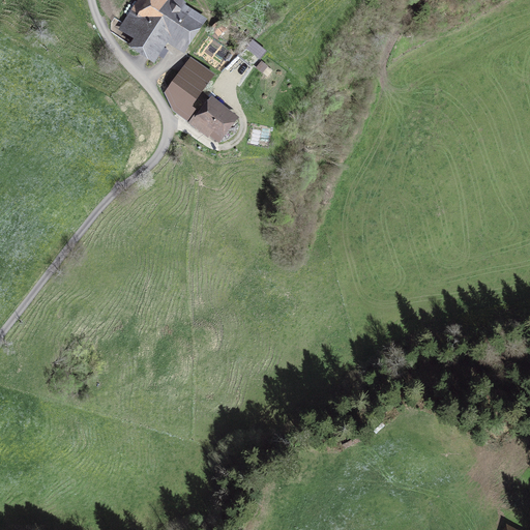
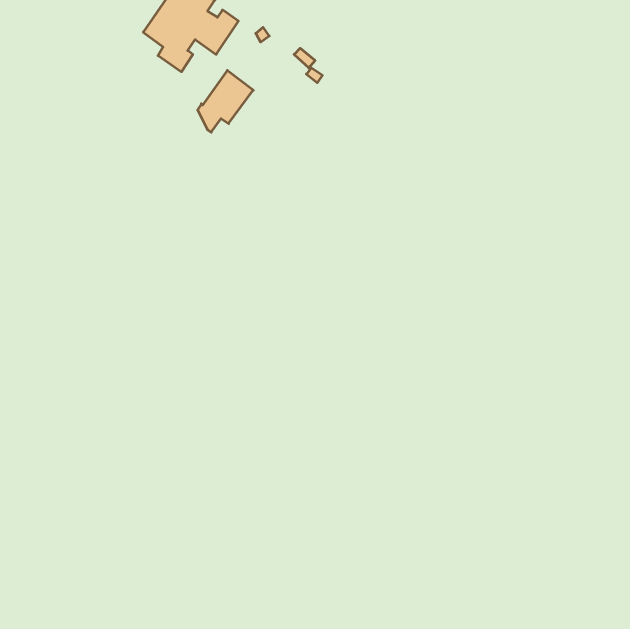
building: [189,102,232,136] -> none

